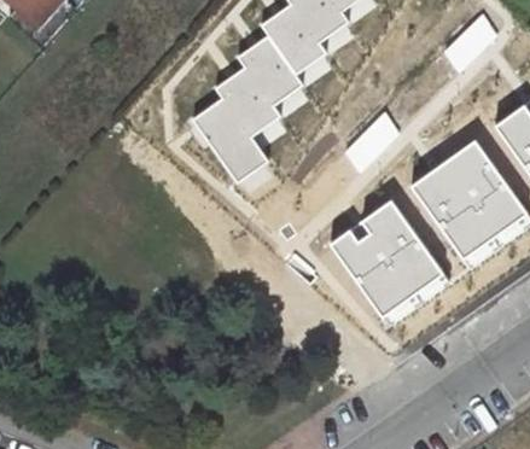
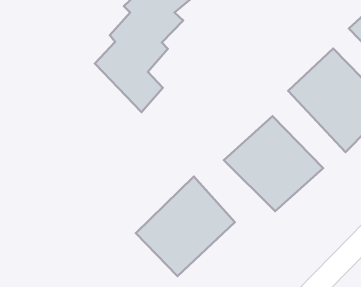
building: none -> [136,176,235,276]

